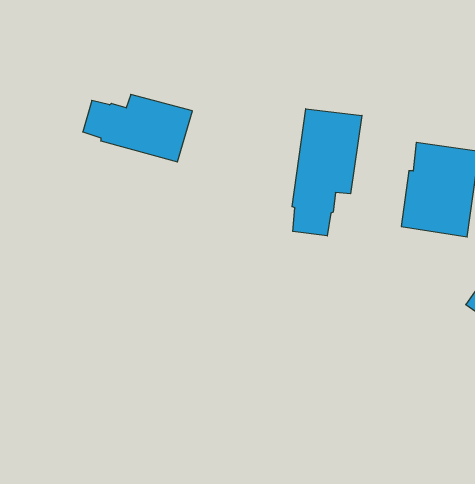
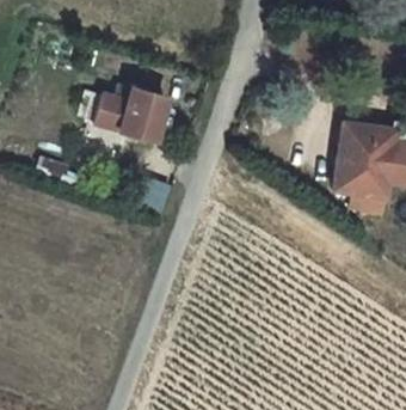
building: [292,109,362,236] -> none

